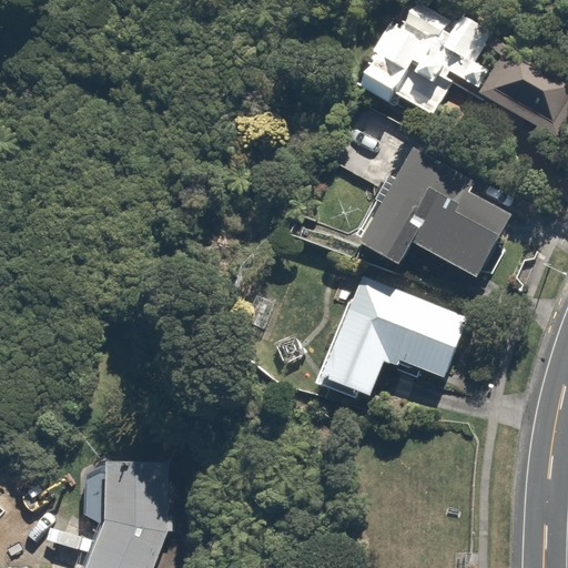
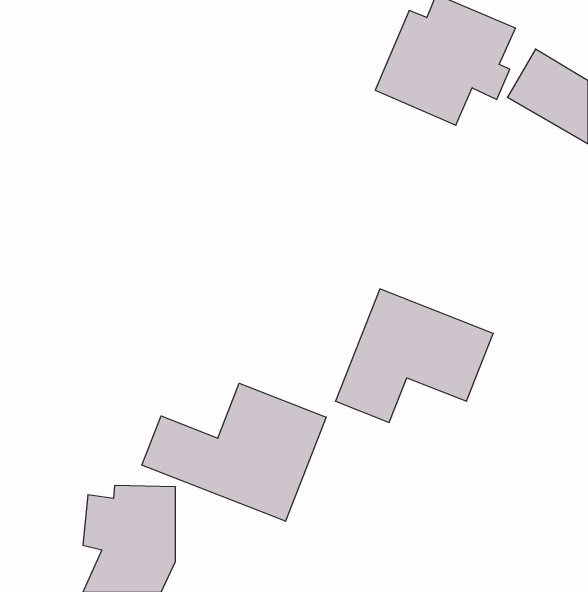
building: [356,144,518,285] -> none
building: none -> [142,383,326,521]

